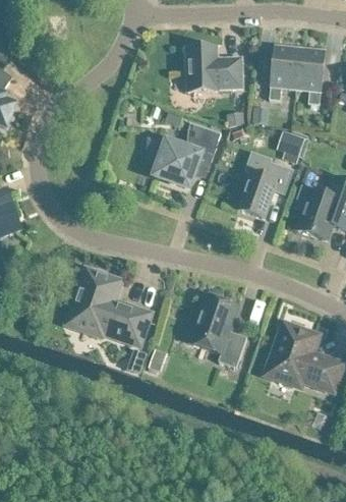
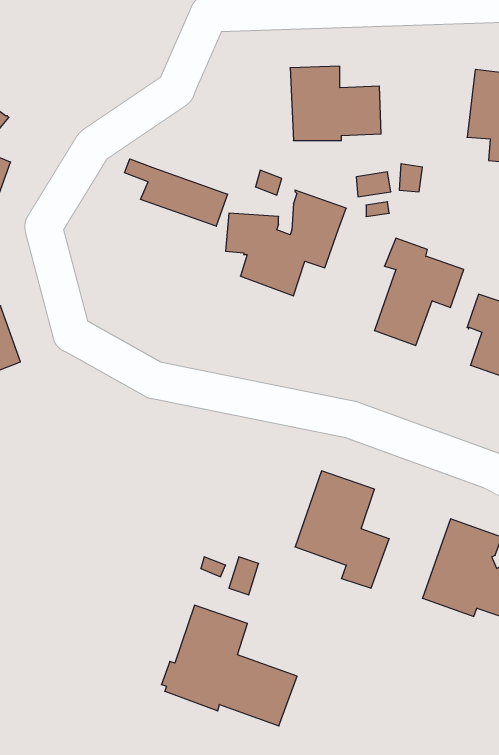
building: [270,45,300,101] -> none
building: none -> [124,159,228,226]
building: [277,129,309,163] -> none
building: [66,270,150,344] -> [161,605,297,726]

